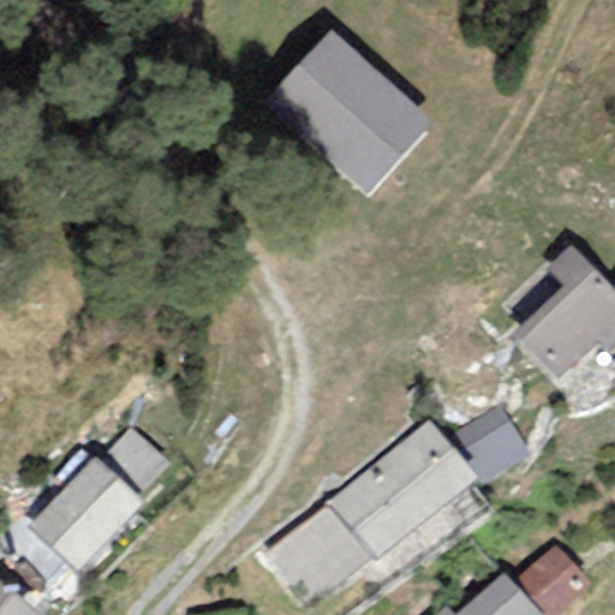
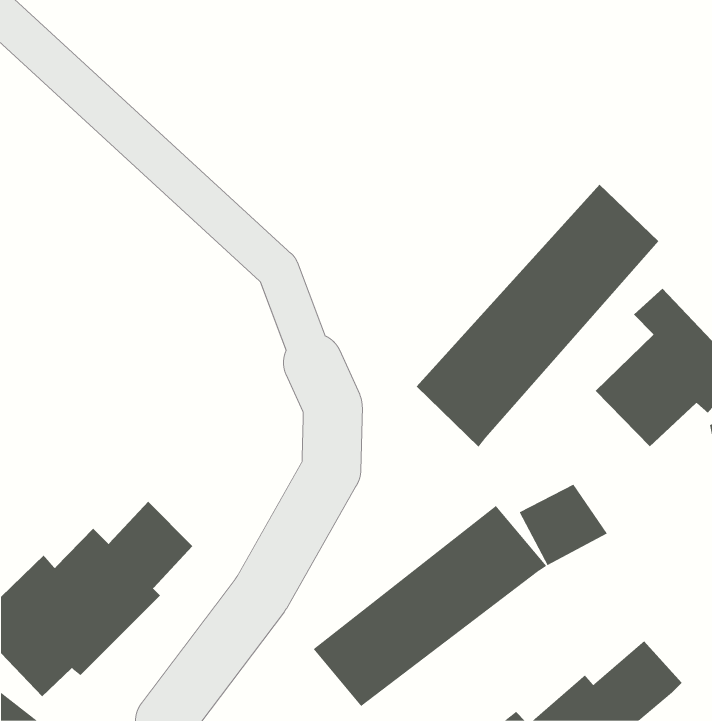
building: [271,40,423,187] -> none
building: none -> [416,184,659,447]

